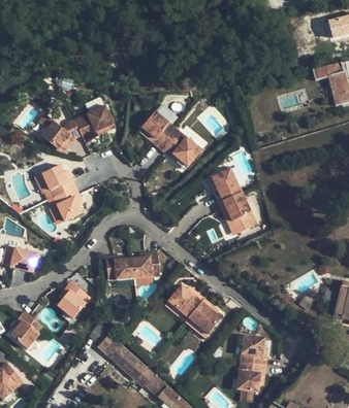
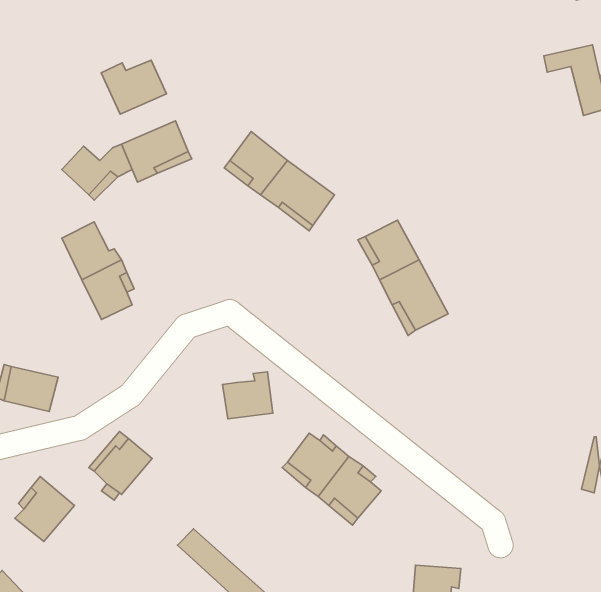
building: none -> [101,60,166,114]
building: [104,254,133,279] -> none
building: [241,333,267,362] -> none

